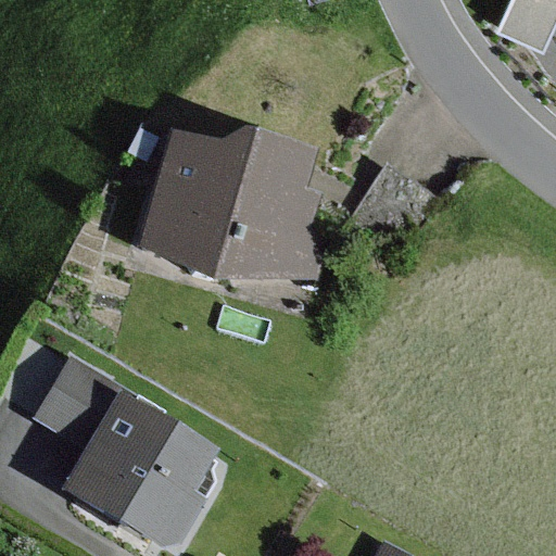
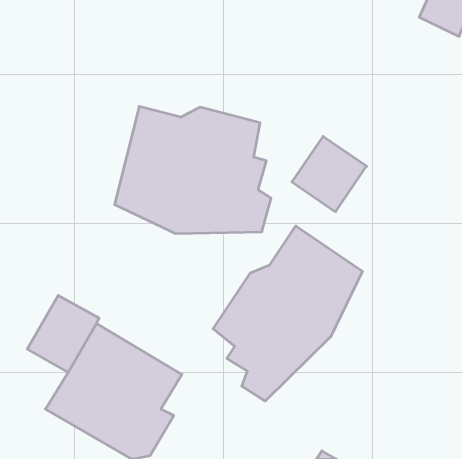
building: none -> [213,226,362,401]

